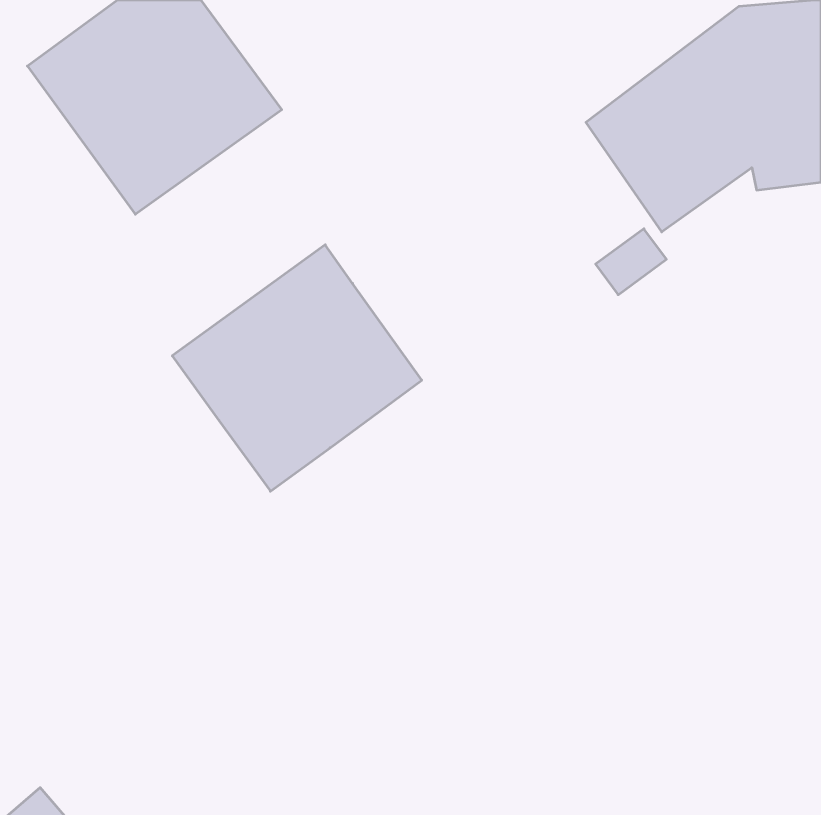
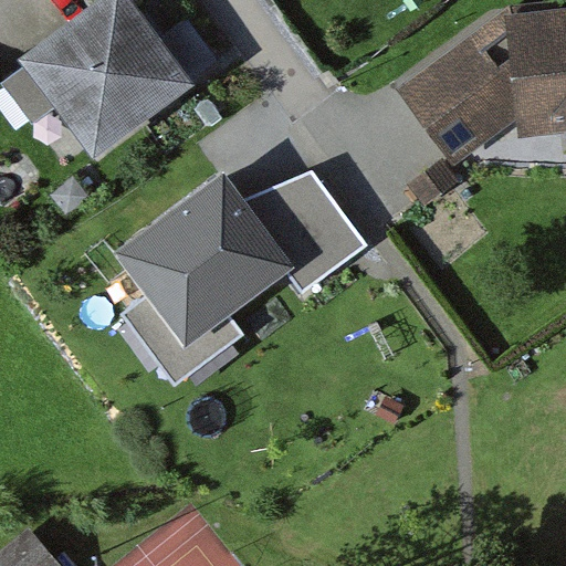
building: none -> [242,172,366,291]
building: none -> [123,294,243,385]

